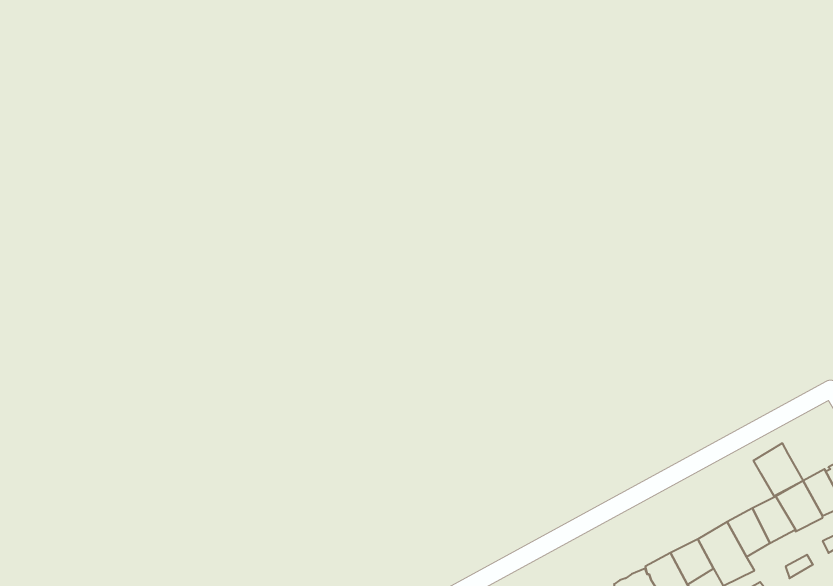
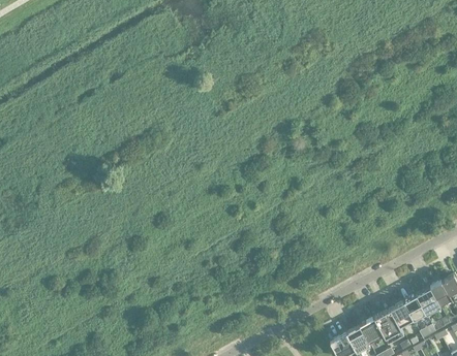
building: [754,443,803,496] -> none

